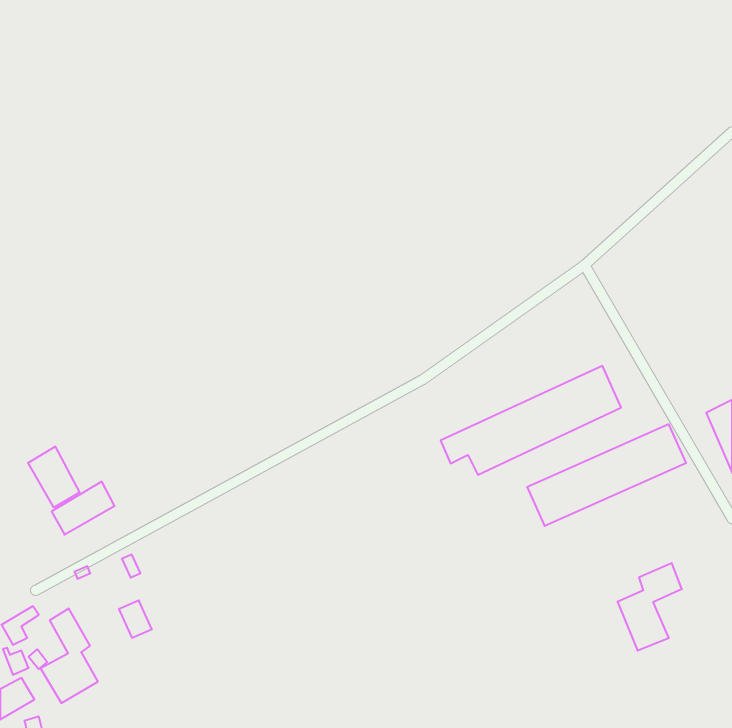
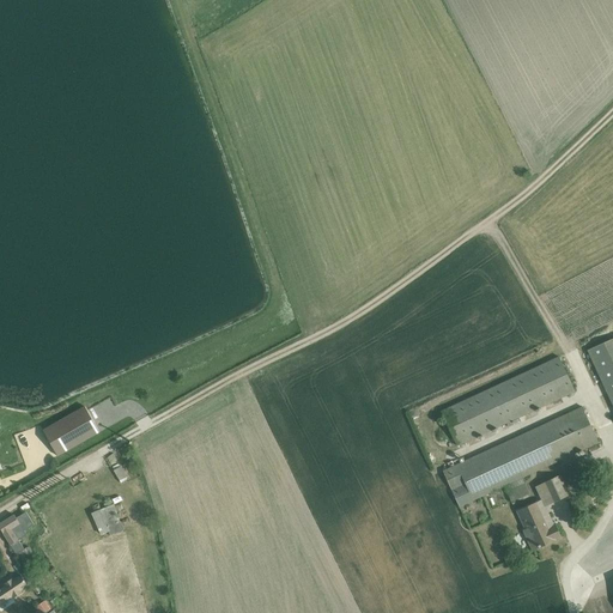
building: [441,366,621,475] -> [442,408,593,499]
building: [28,446,80,507] -> none
building: [41,608,98,703] -> none

